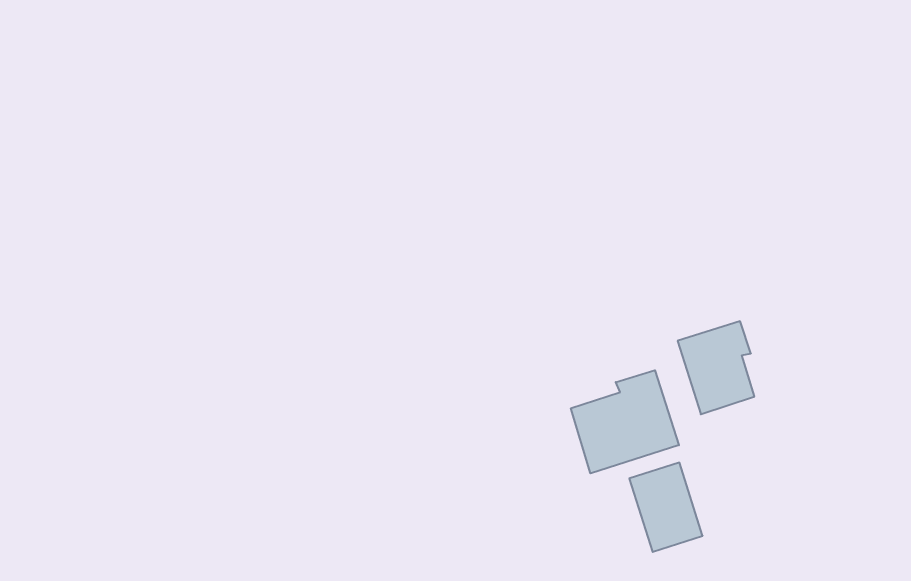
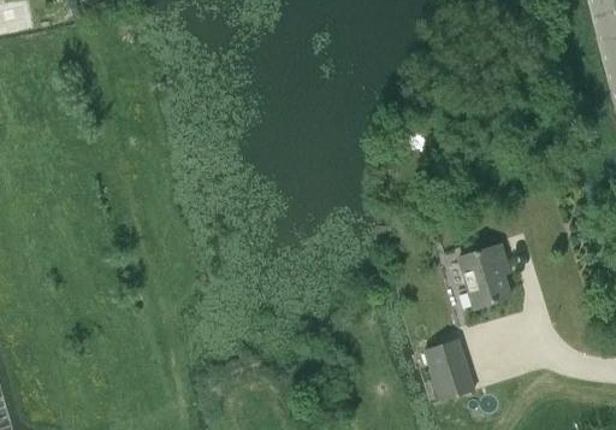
building: [571,370,679,473] -> none

